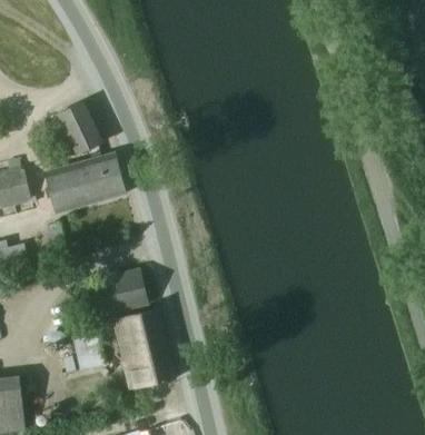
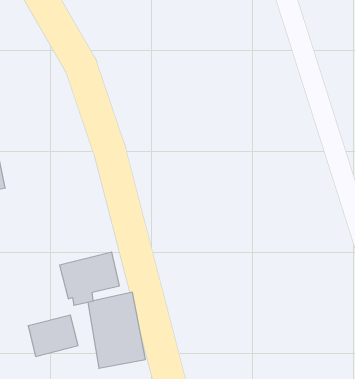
building: [56,102,102,155] -> none
building: [46,154,125,214] -> none

